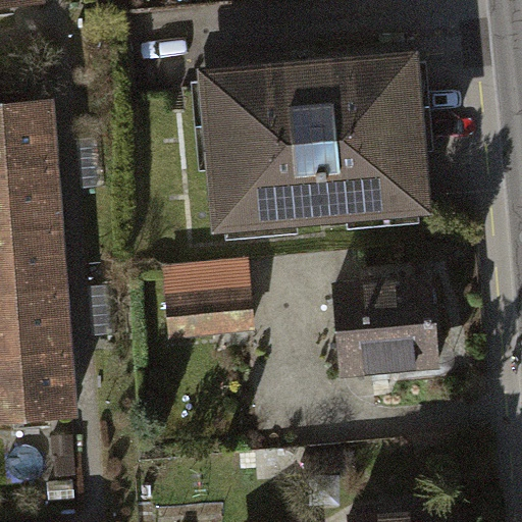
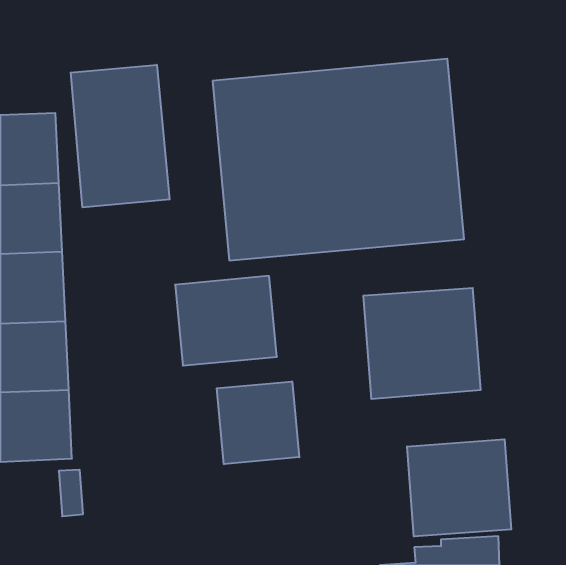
building: none -> [71,65,170,207]
building: none -> [217,381,299,464]
building: none -> [407,439,511,537]

